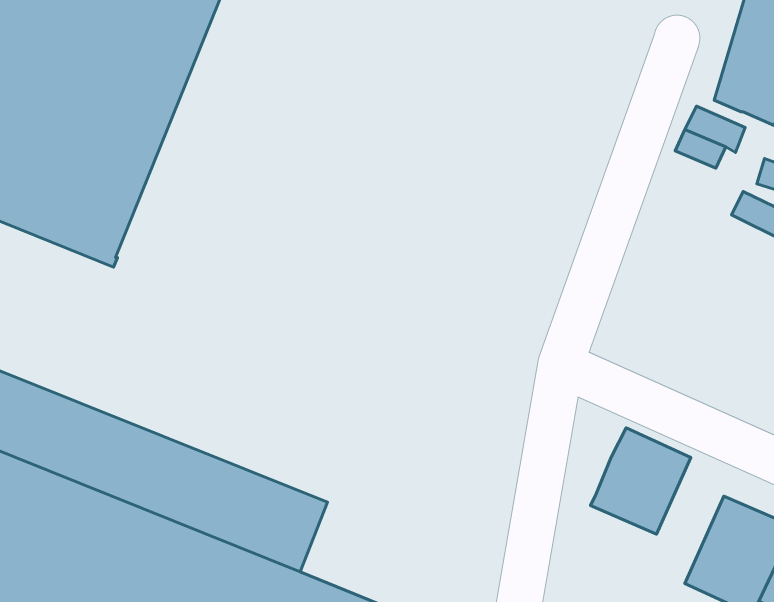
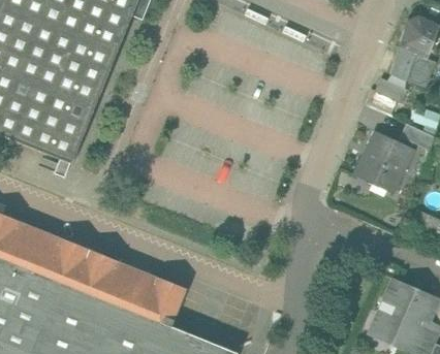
building: none -> [353,132,413,194]
building: [591,428,691,534] -> none

